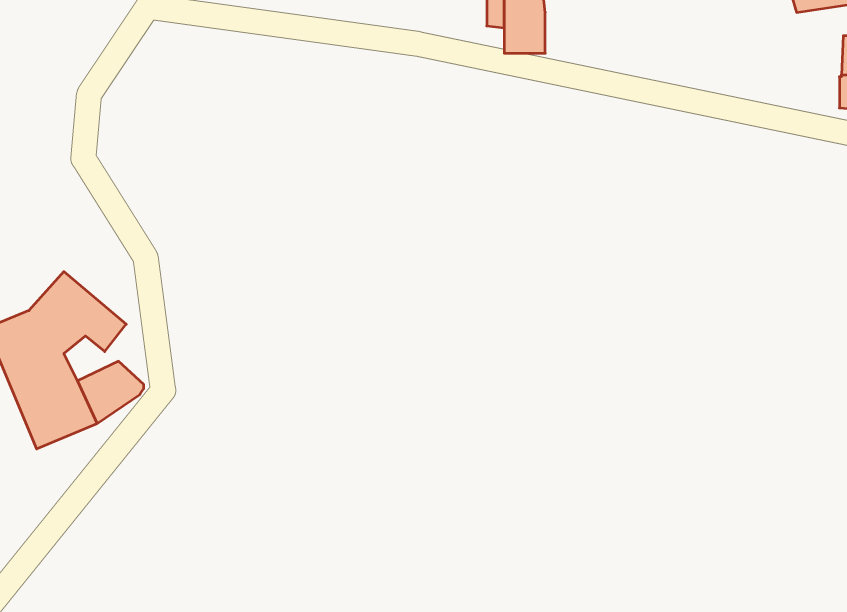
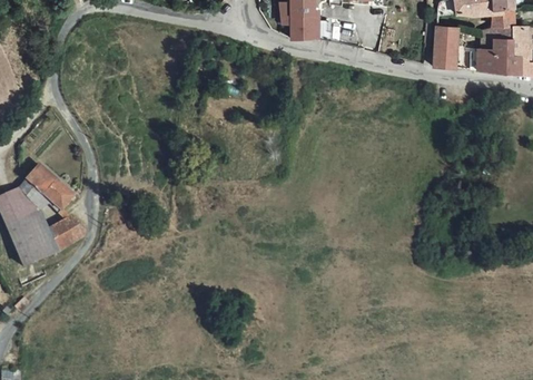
building: none -> [435,27,460,68]

